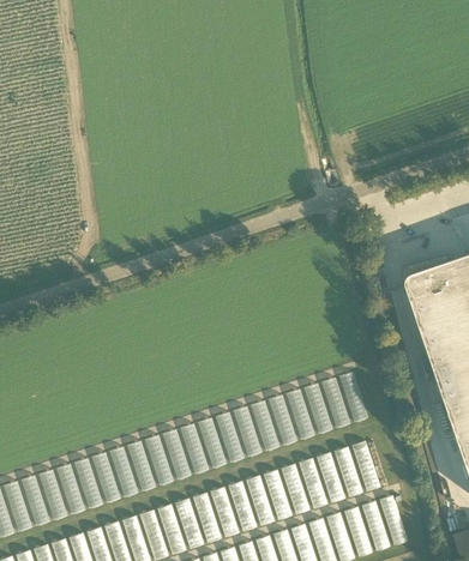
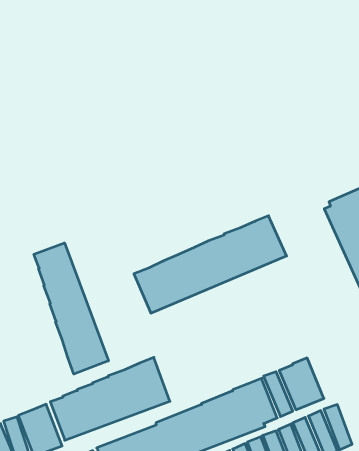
building: none -> [34,243,108,374]
building: [197,372,368,468] -> [134,216,287,313]

